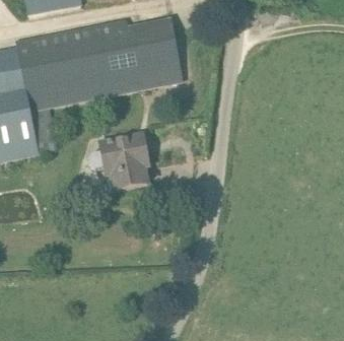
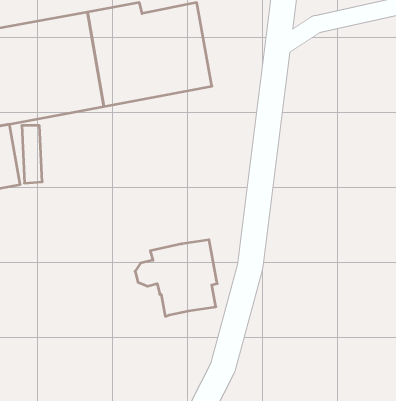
building: [87,134,148,191] -> [135,240,217,316]

